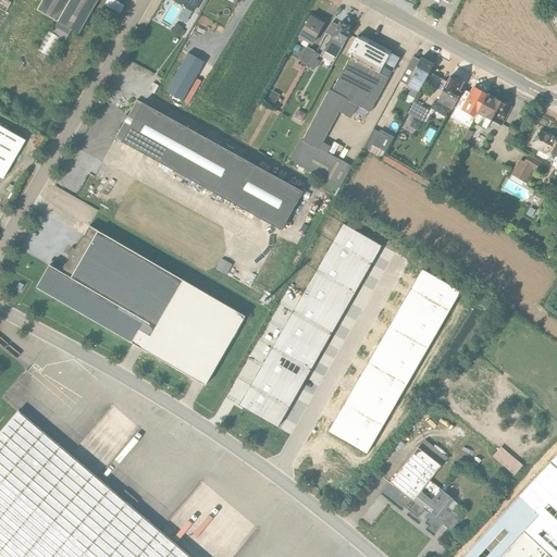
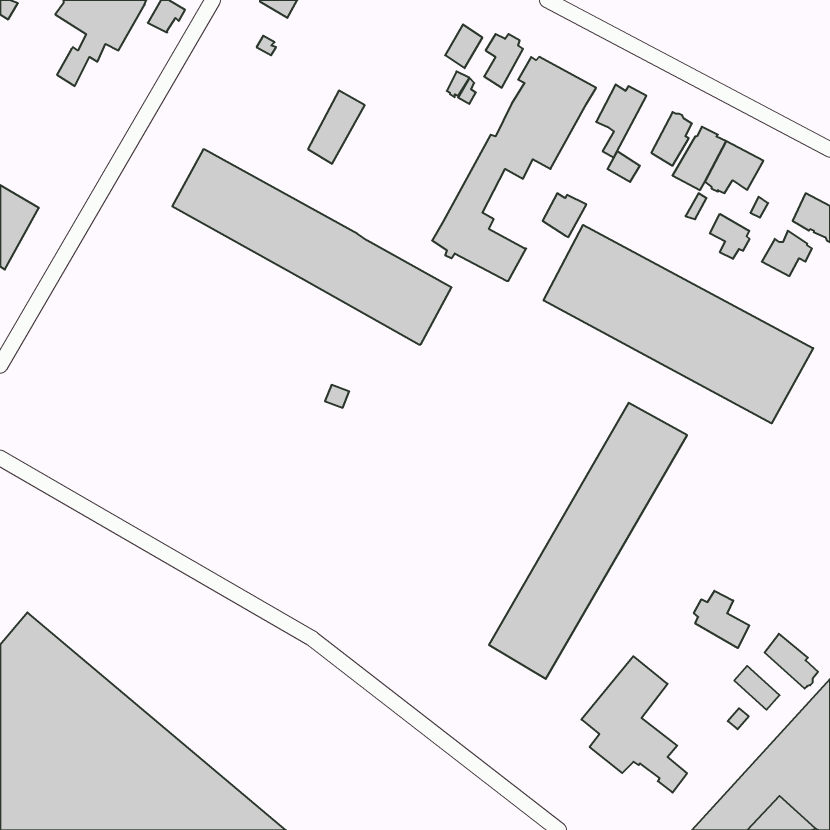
building: [169,49,207,98] -> [308,91,365,164]
building: none -> [710,214,749,259]
building: none -> [544,225,813,423]
building: [238,225,382,428] -> none
building: [36,226,245,385] -> none
building: none -> [694,591,749,648]
building: none -> [765,634,818,689]

